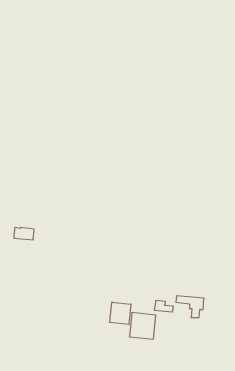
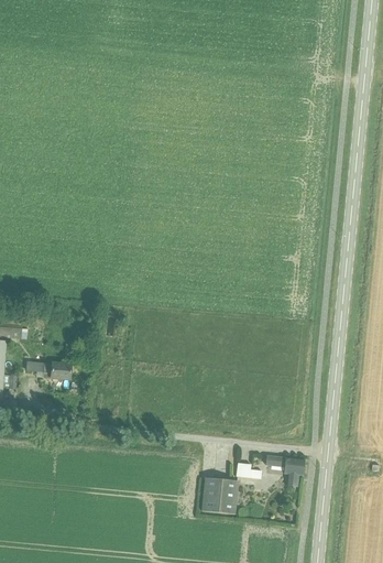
building: [110,302,131,325] -> none

